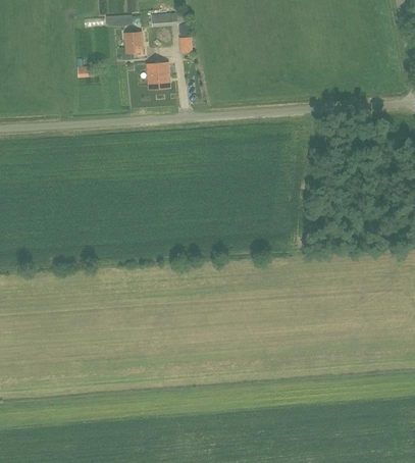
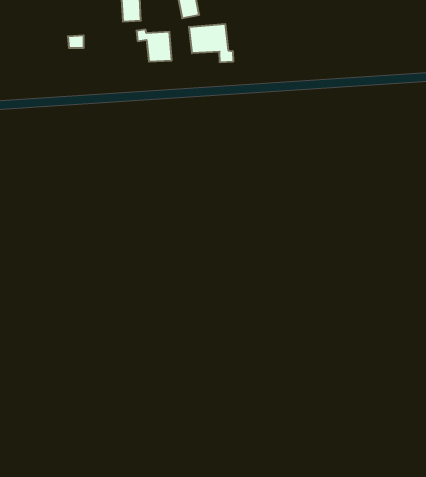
building: none -> [189,24,233,62]

